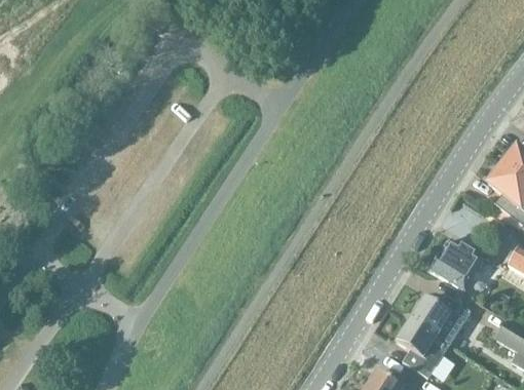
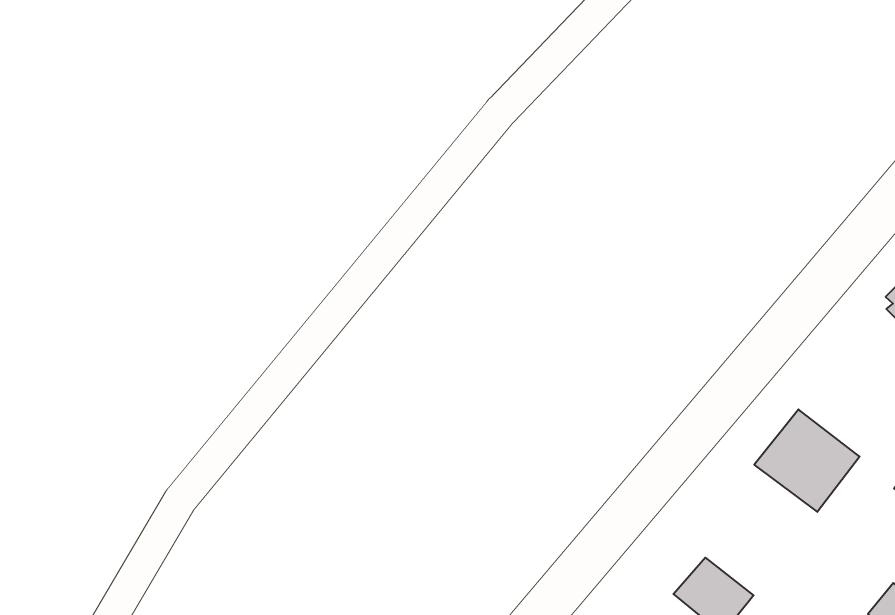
building: [411,295,472,336] -> none

